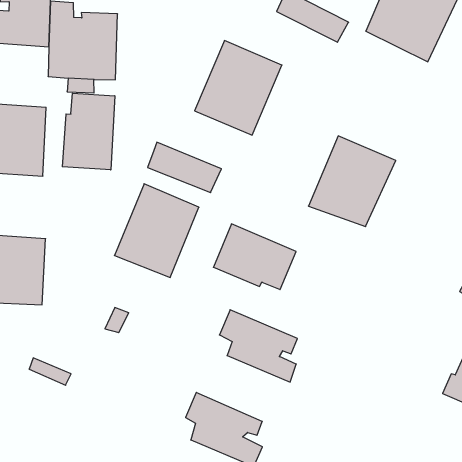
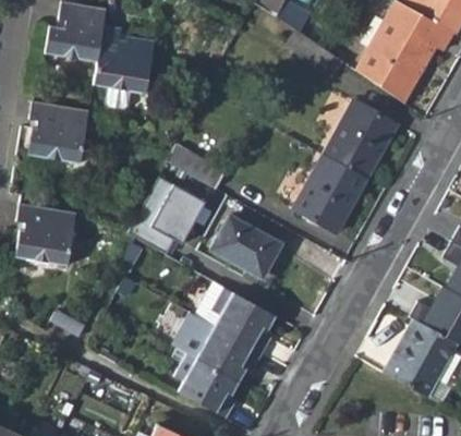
building: [195,41,282,135] -> [324,100,399,180]
building: [62,93,115,170] -> none
building: none -> [185,324,263,380]

